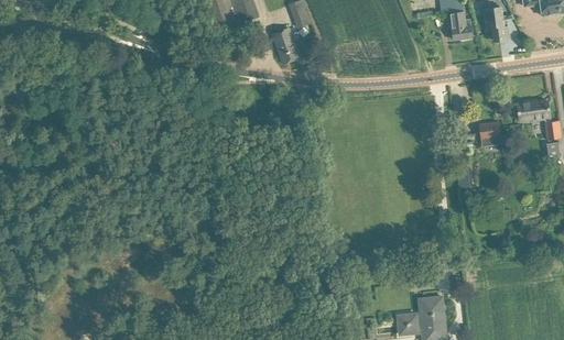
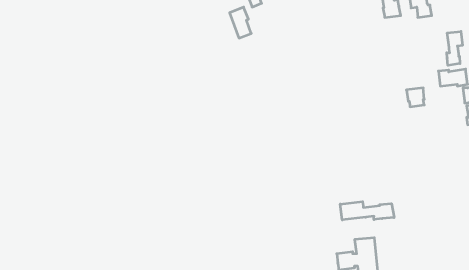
building: none -> [447,31,462,65]
building: none -> [340,202,394,220]

